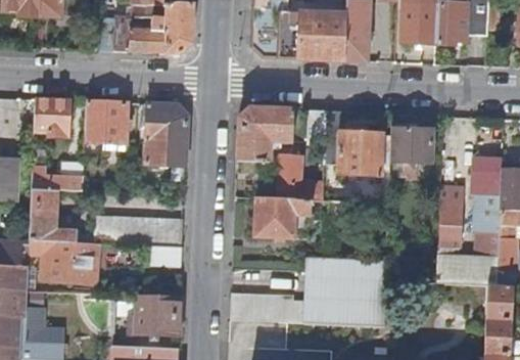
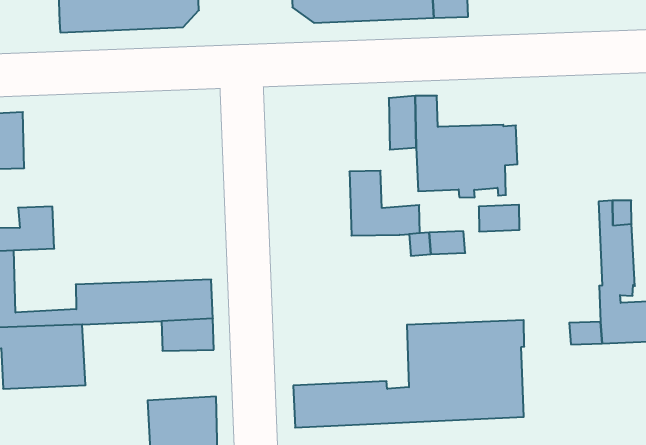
building: [84,100,127,143] -> none
building: [145,102,188,166] -> none
building: [237,106,293,162] -> none
building: [390,128,432,176] -> none
building: [254,197,310,237] -> none

